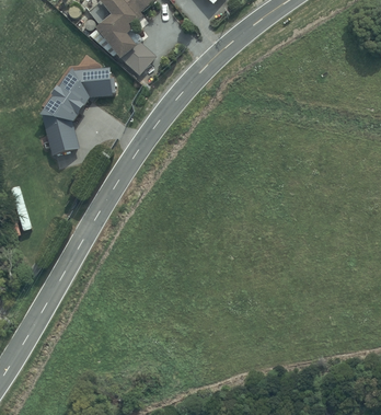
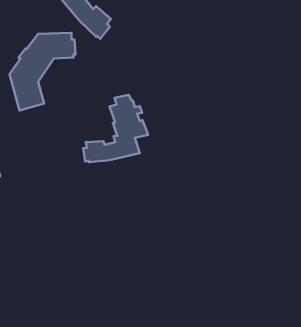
building: none -> [83,95,148,162]

